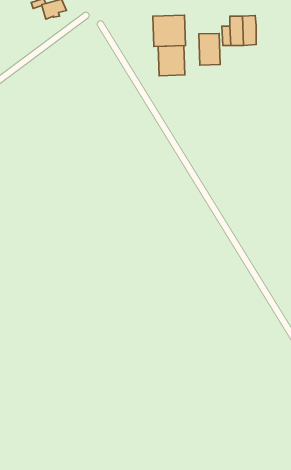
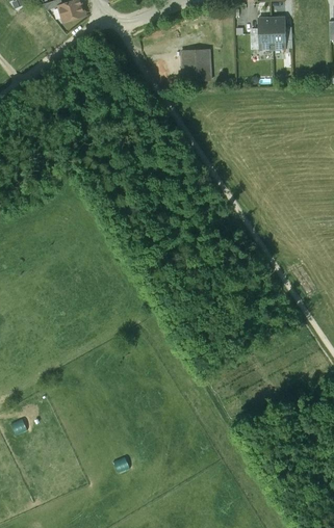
building: [153,15,186,46] -> none
building: [199,33,220,65] -> none

